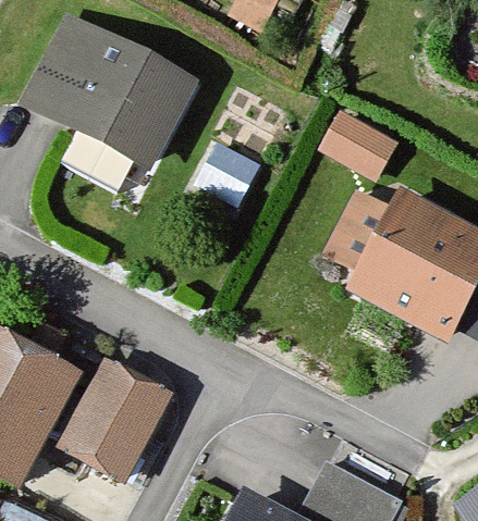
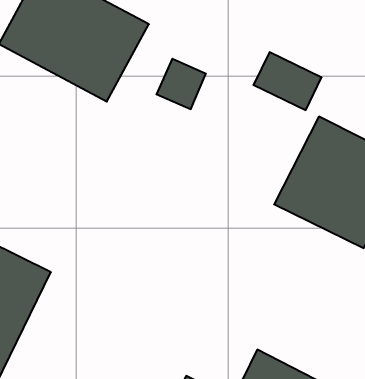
building: [59,360,168,477] -> none

